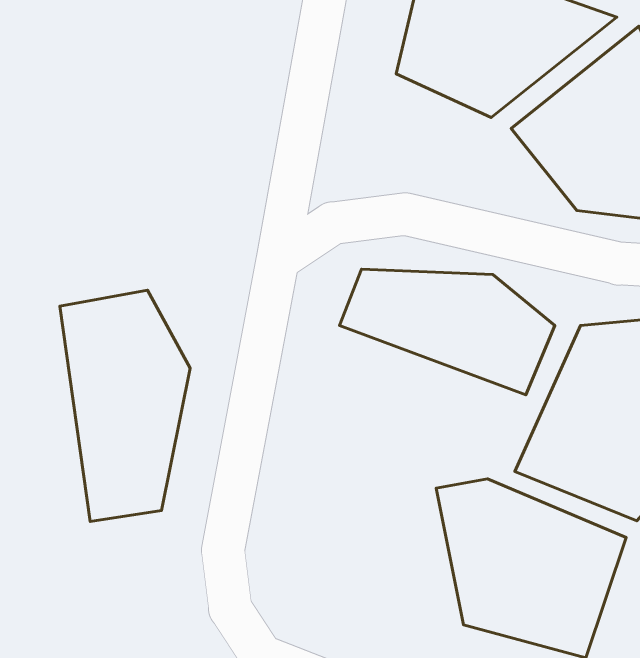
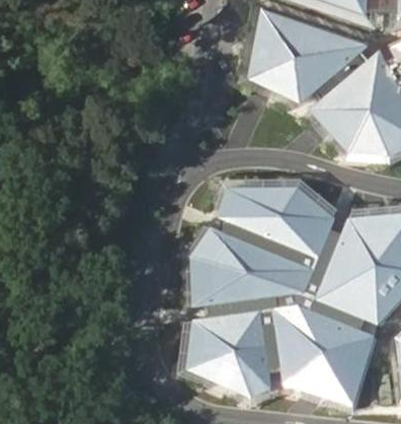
building: [60,290,190,522] -> none
building: none -> [190,225,311,307]
building: none -> [187,309,275,395]

